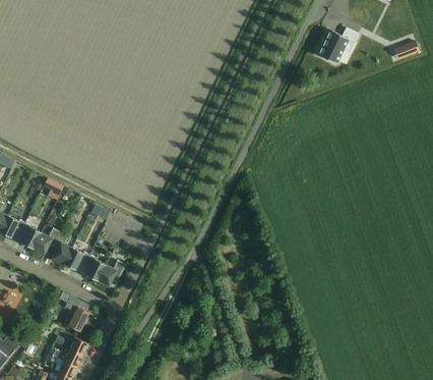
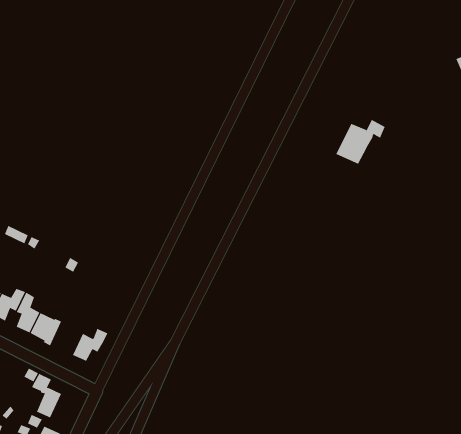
building: [317,29,357,64] -> [335,119,386,164]
building: [79,256,105,282] -> none

